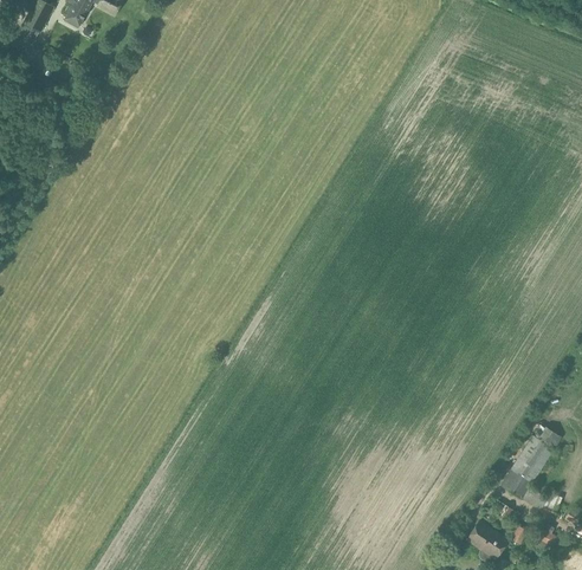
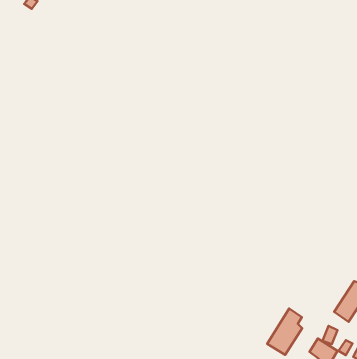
building: none -> [267,309,302,355]

